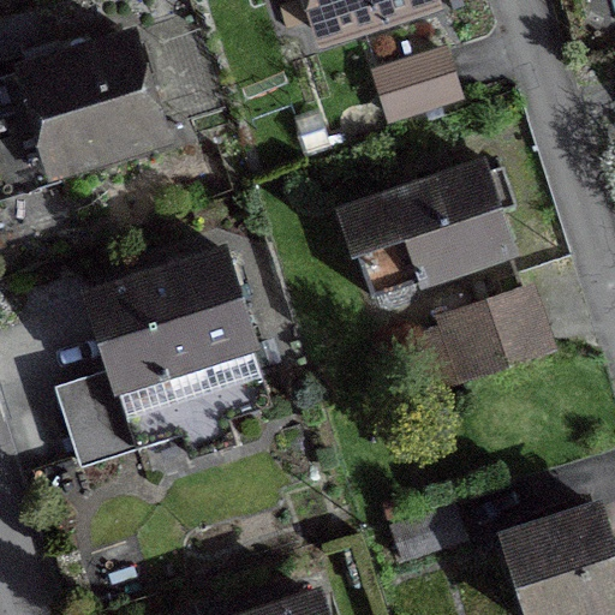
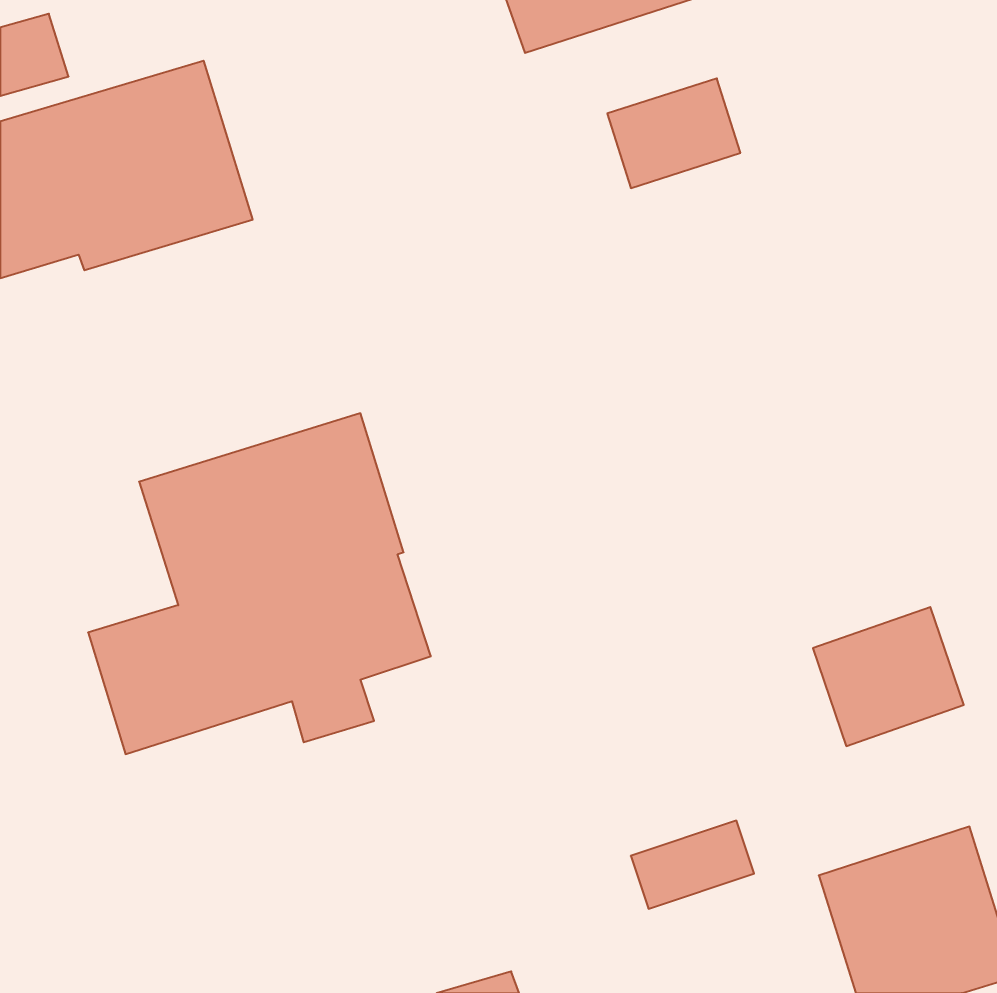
building: [341,165,509,295] -> none
building: [450,288,543,374] -> [813,607,964,746]

